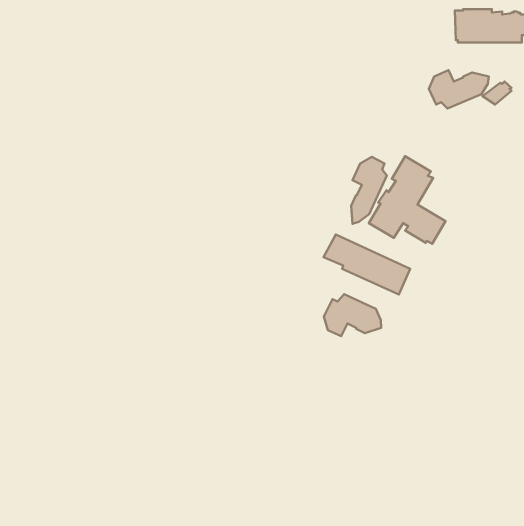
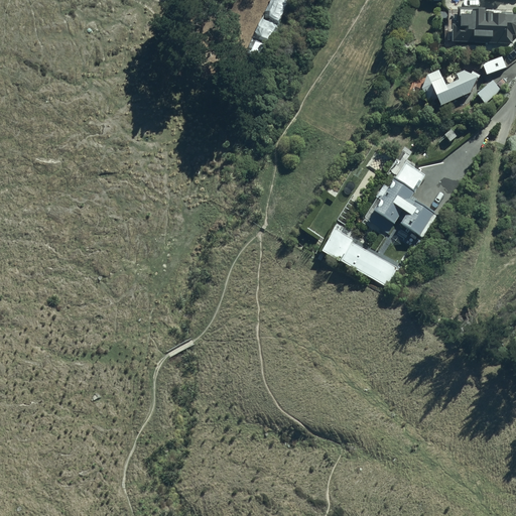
building: [351,157,387,224] -> none
building: [324,294,381,336] -> none

